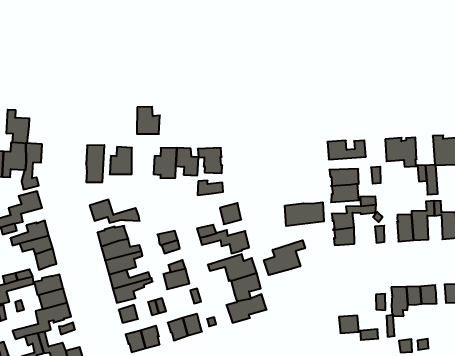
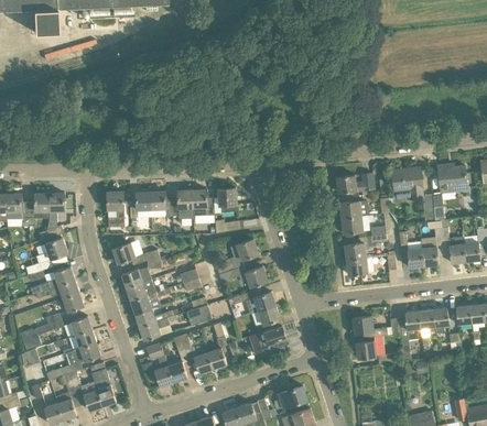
building: [137,107,160,134] -> [150,190,172,217]
building: [7,110,29,143] -> none
building: [285,202,324,226] -> none
building: [264,240,305,275] -> none
building: none -> [353,316,387,337]

